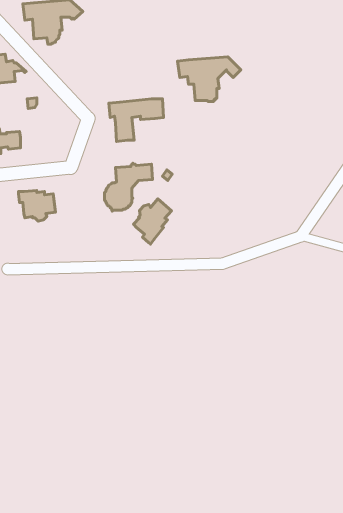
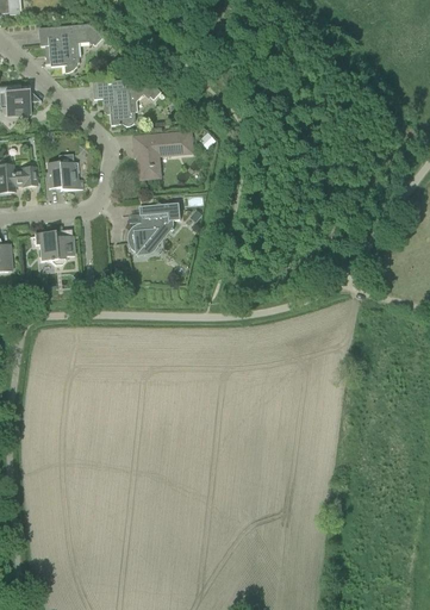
building: [178,57,241,101] -> [92,76,161,125]
building: none -> [46,161,82,189]
building: [134,199,172,244] -> none

